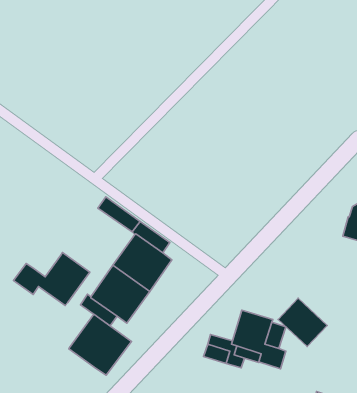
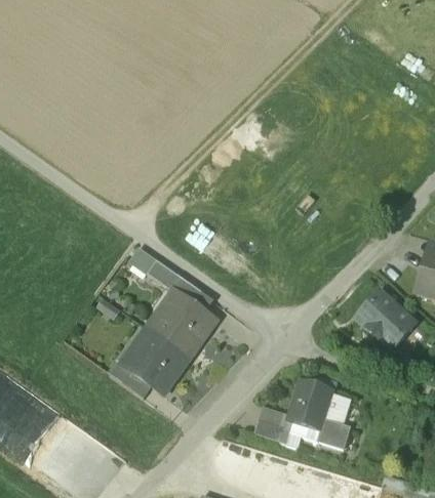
building: [13,253,90,306] -> none
building: [278,298,327,347] -> [357,292,414,348]
building: [69,314,131,375] -> none

